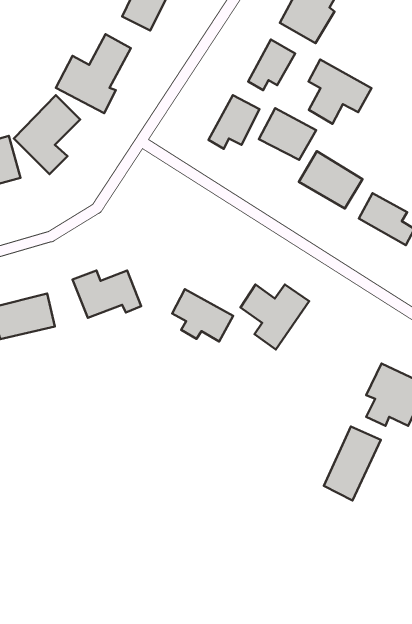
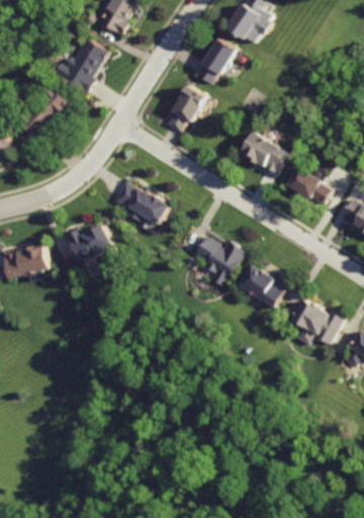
building: [309,60,372,124] -> none
building: [259,108,316,160] -> none
building: [172,289,233,341] -> [116,183,165,225]
building: none -> [236,262,289,310]
building: [324,426,381,500] -> none

